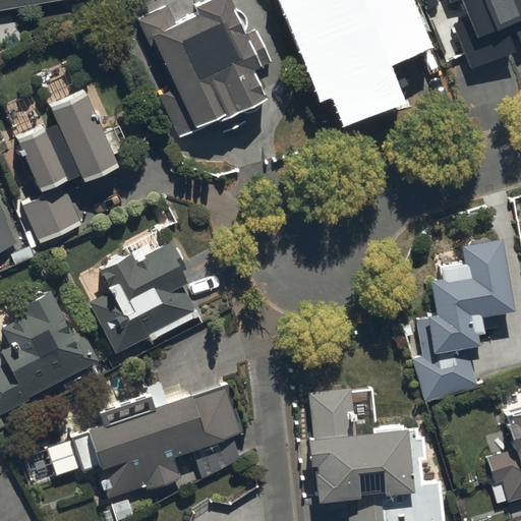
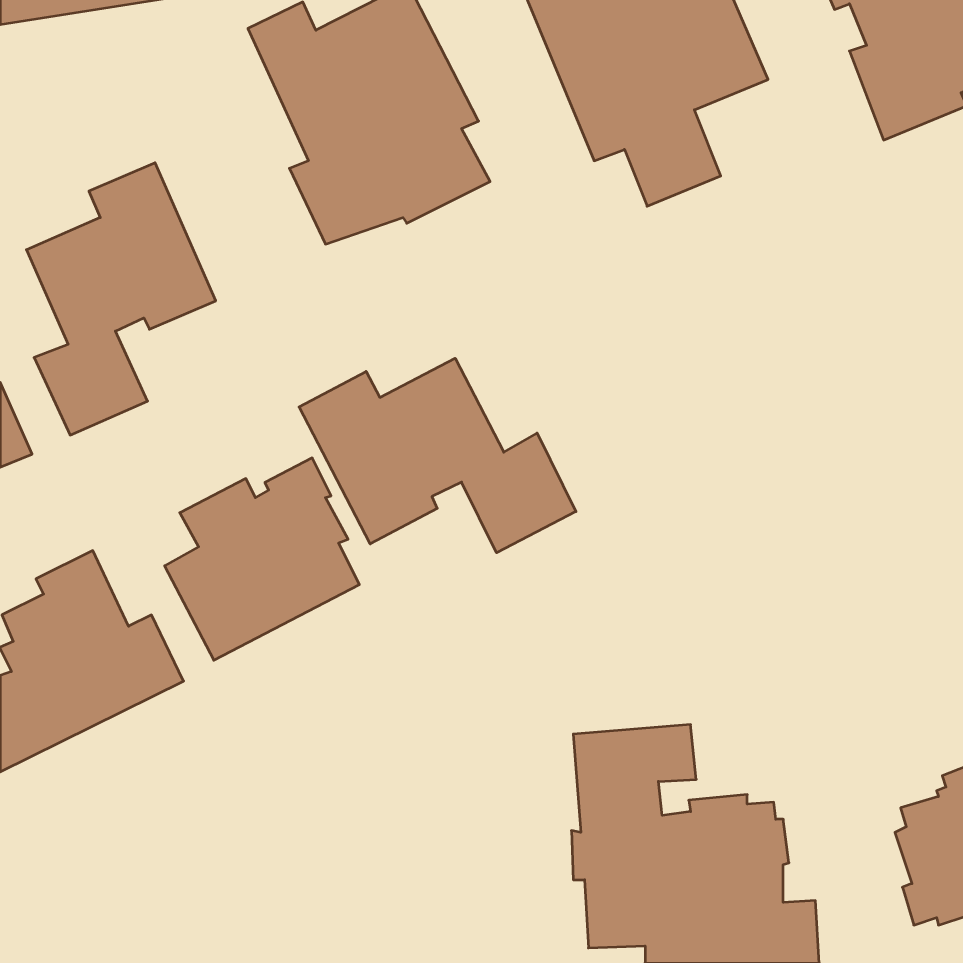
building: none -> [299,358,576,553]
building: [413,236,513,389] -> none
building: [26,386,244,499] -> none

